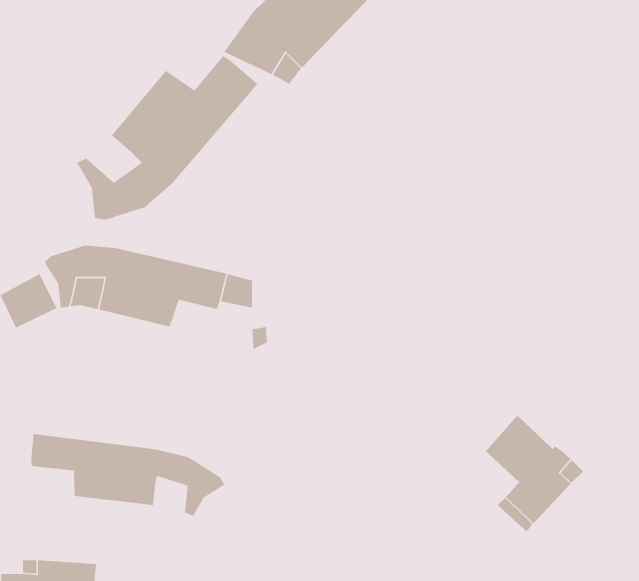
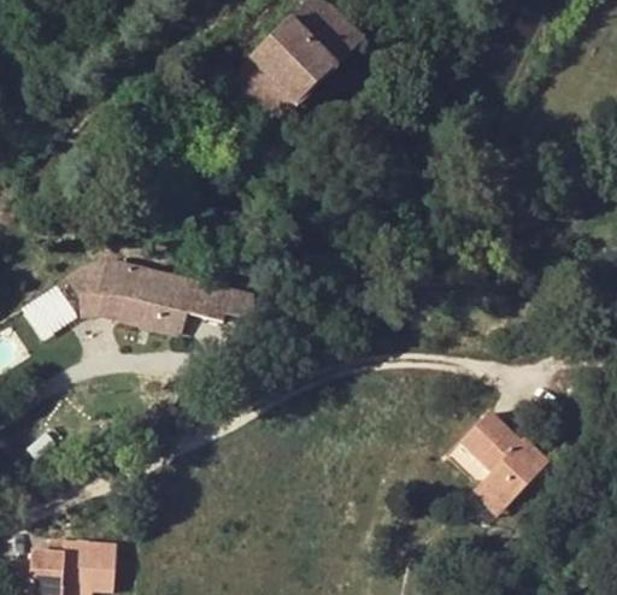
building: [76,55,258,220] -> none
building: [31,433,225,517] -> none

